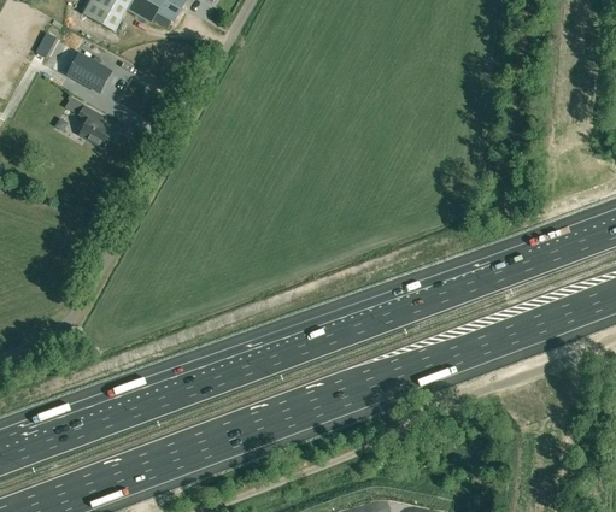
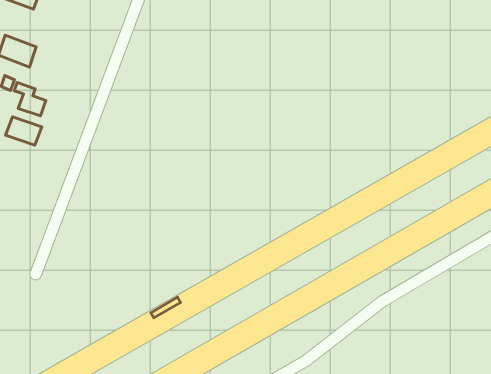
building: none -> [6,117,42,145]

